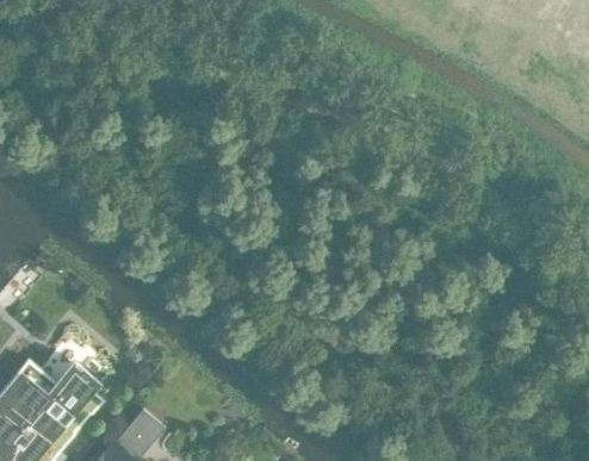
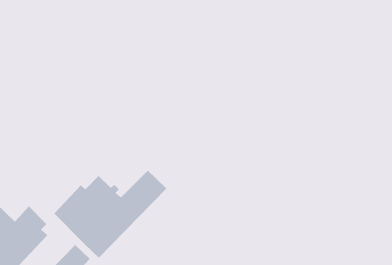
building: none -> [53,170,167,259]

